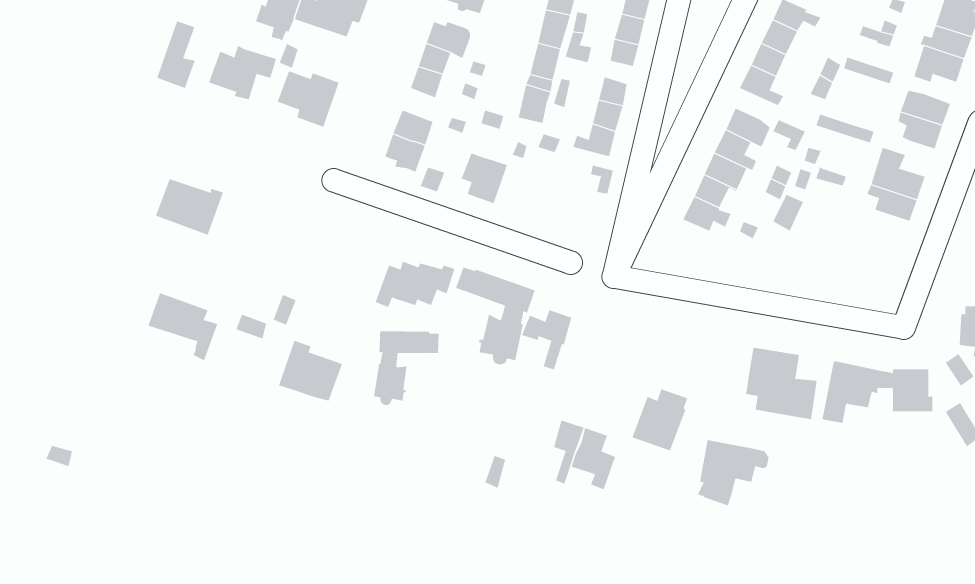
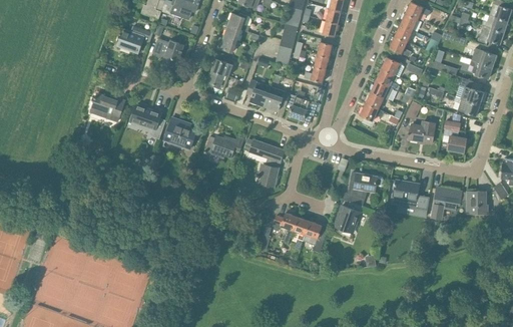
building: [157,21,195,89] -> none
building: none -> [264,86,291,111]
building: none -> [290,95,318,120]
building: none -> [409,120,436,143]
building: none -> [443,120,466,152]
building: [148,292,218,361] -> [129,104,165,139]
building: [521,310,572,370] -> [272,213,298,244]
building: [374,330,439,406] -> none
building: [278,340,343,401] -> [164,117,197,148]
building: [697,439,770,506] -> [347,172,384,206]

